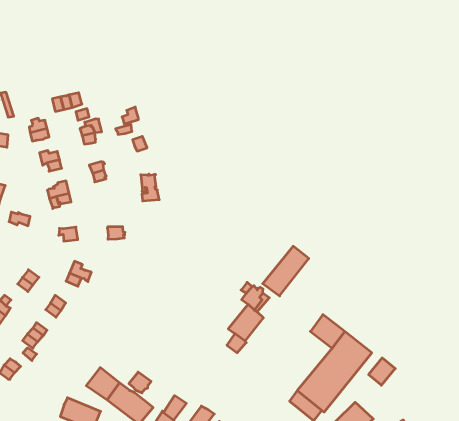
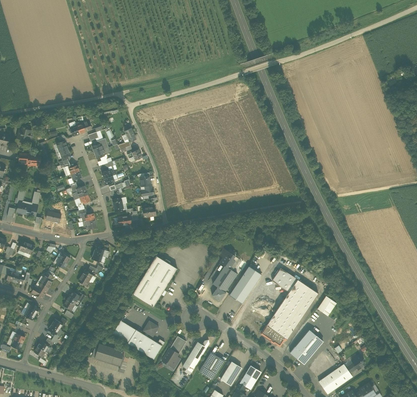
building: [263,246,309,296] -> [229,266,261,303]
building: none -> [132,256,177,307]

